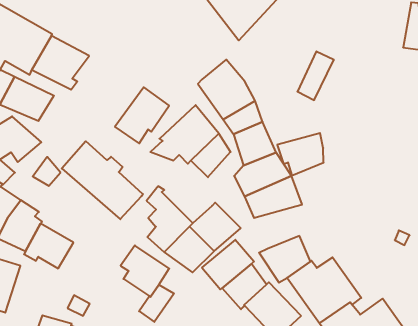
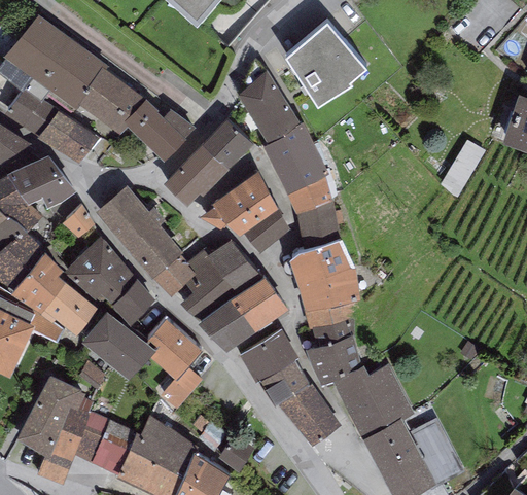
building: none -> [238,68,300,142]
building: [297,51,334,100] -> [438,141,485,196]
building: none -> [122,96,195,158]
building: none -> [202,115,252,166]
building: [277,133,324,175] -> [304,300,355,344]
building: none -> [205,245,259,303]
building: none -> [64,235,153,321]
building: none -> [153,263,196,304]
building: none -> [80,307,154,375]

